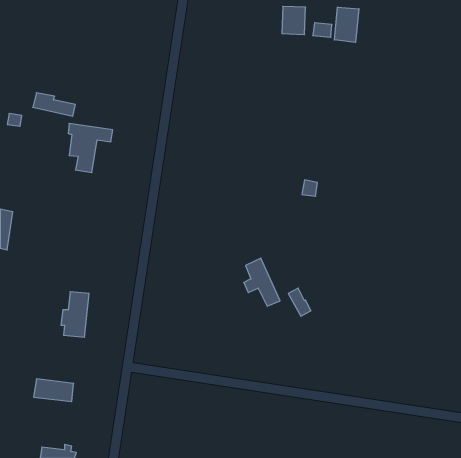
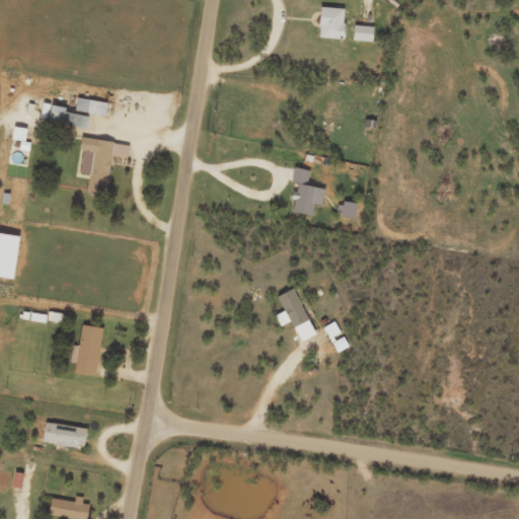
building: [334,7,359,42] -> none
building: none -> [75,97,108,117]
building: none -> [293,167,326,216]

